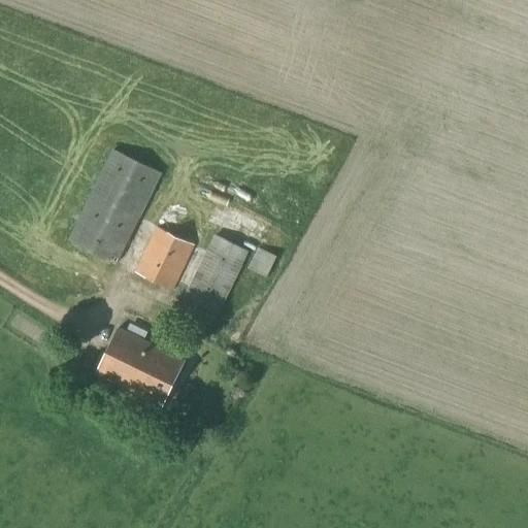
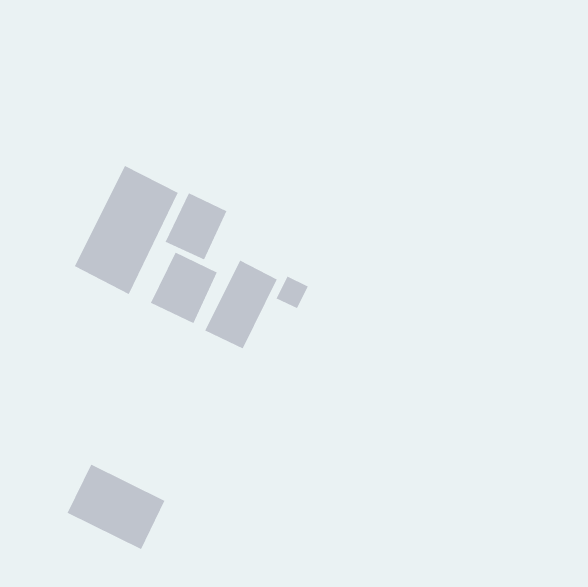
building: none -> [165,192,227,260]
building: [96,328,185,405] -> [66,464,166,550]

